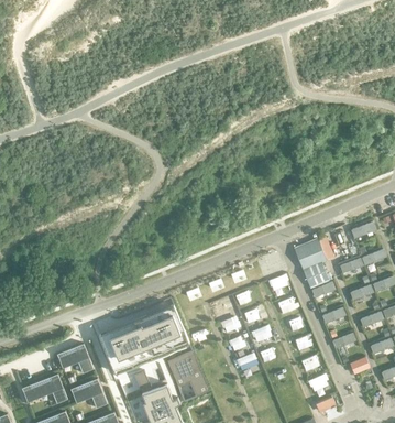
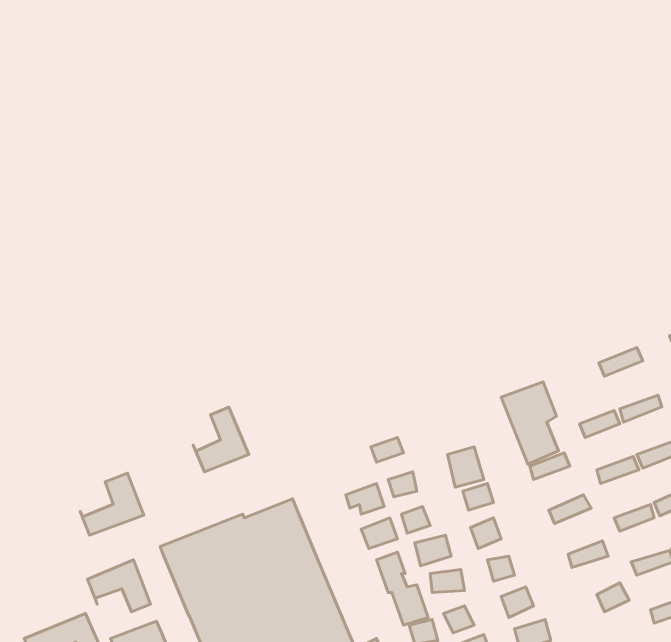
building: none -> [193,407,249,472]
building: none -> [80,473,144,535]

